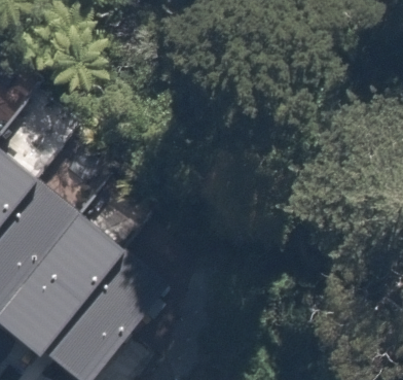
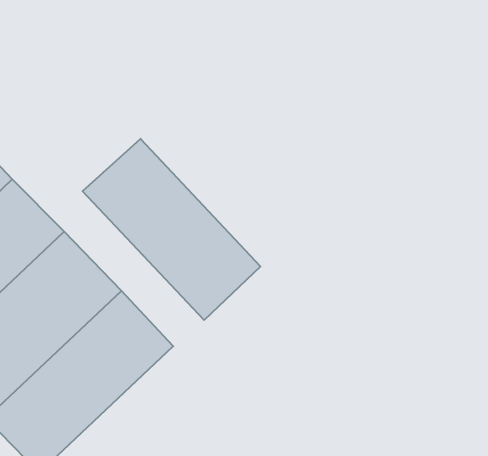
building: none -> [83,139,260,320]

